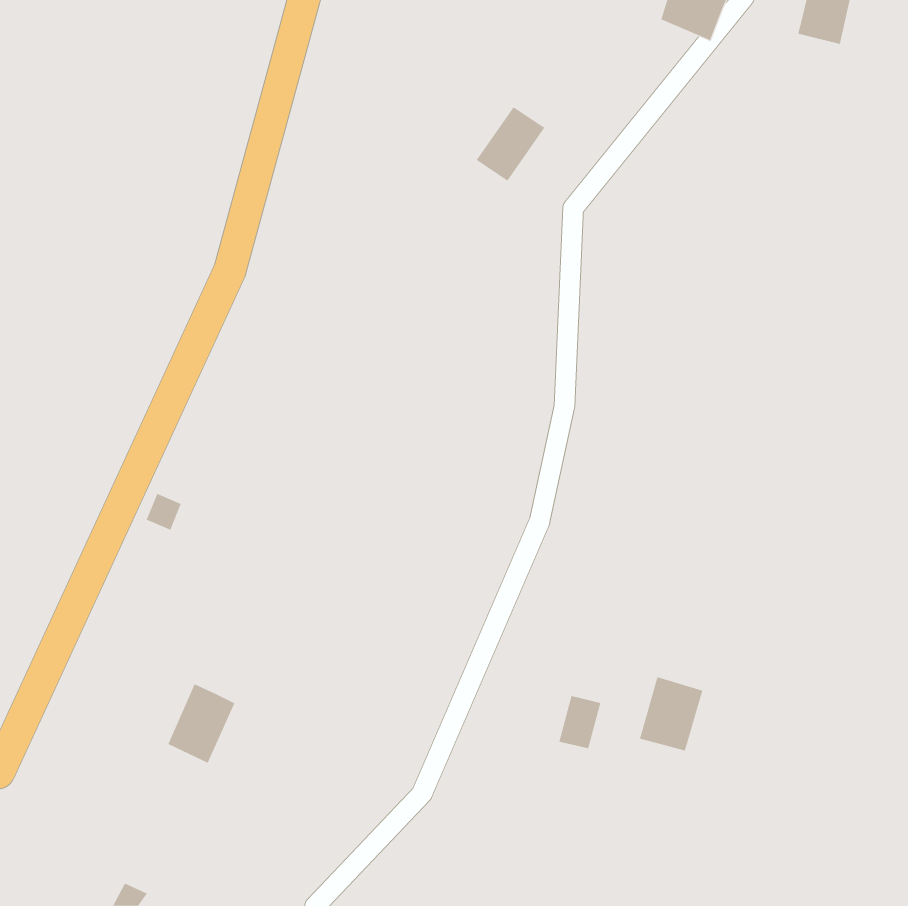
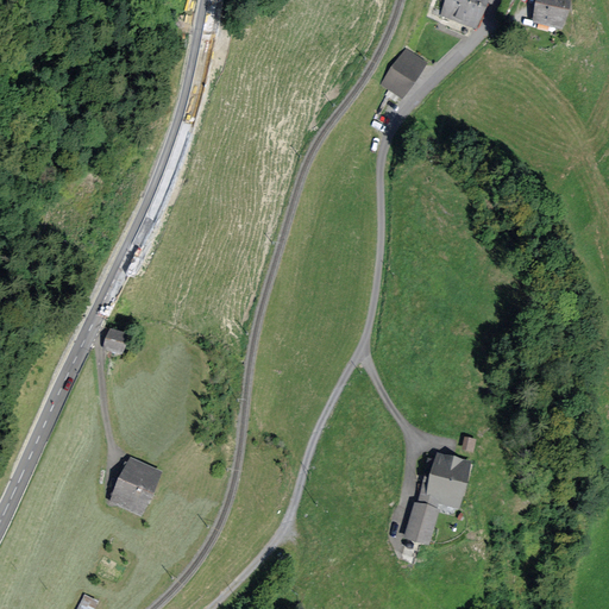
building: [476,107,545,181] -> [379,49,426,99]
building: [558,696,601,749] -> [408,502,437,538]

